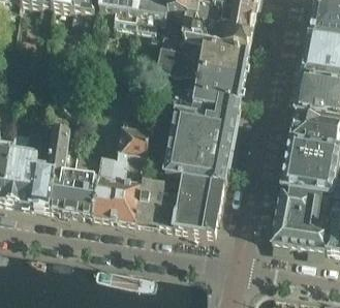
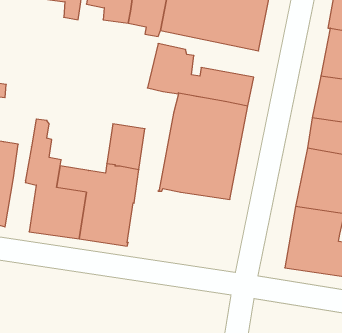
building: [161,36,248,76] -> none
building: [29,163,56,210] -> none
building: [134,176,223,234] -> none

